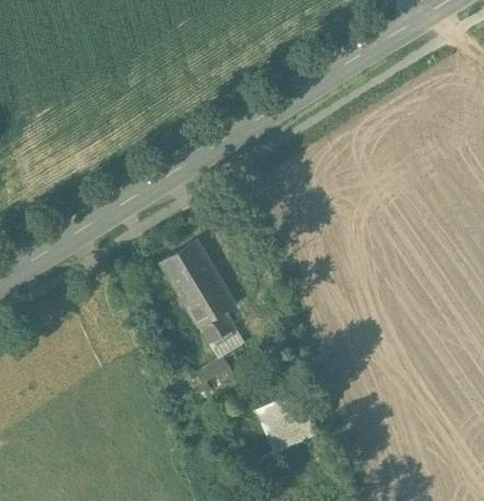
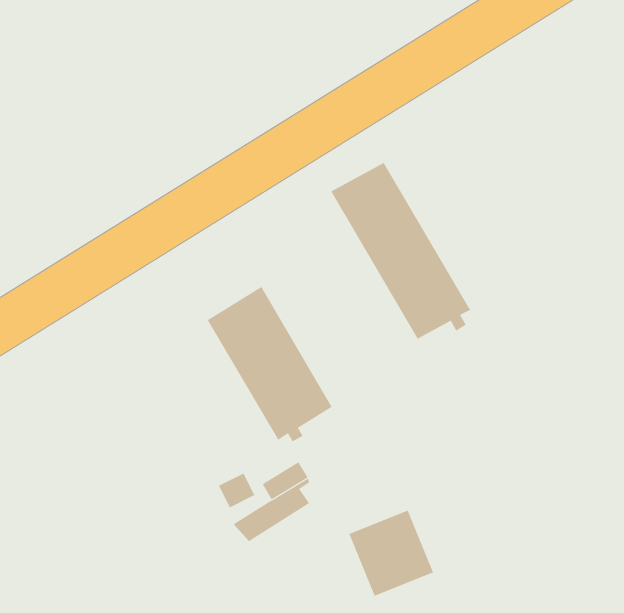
building: none -> [331,162,471,339]

